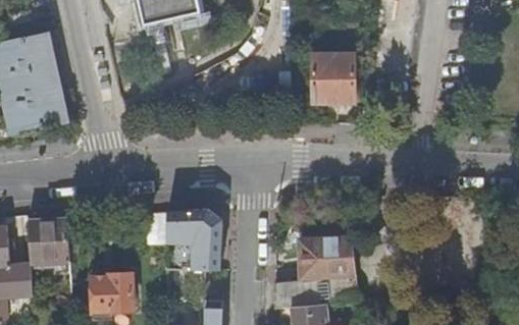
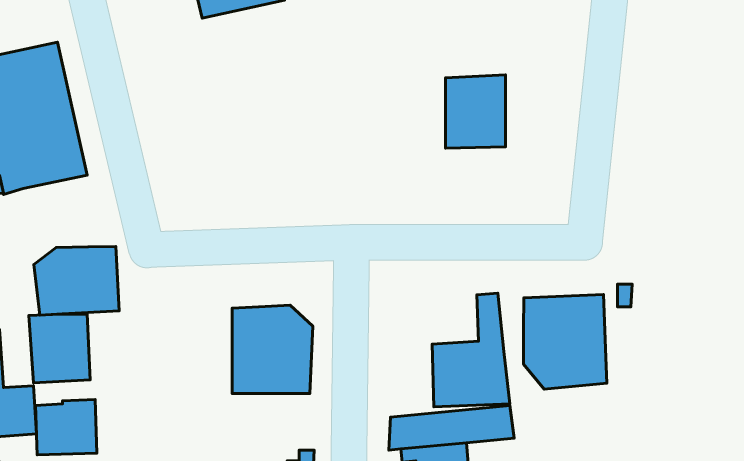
building: none -> [34,246,119,315]
building: none -> [524,295,607,389]
building: [90,275,132,313] -> [36,399,97,455]

